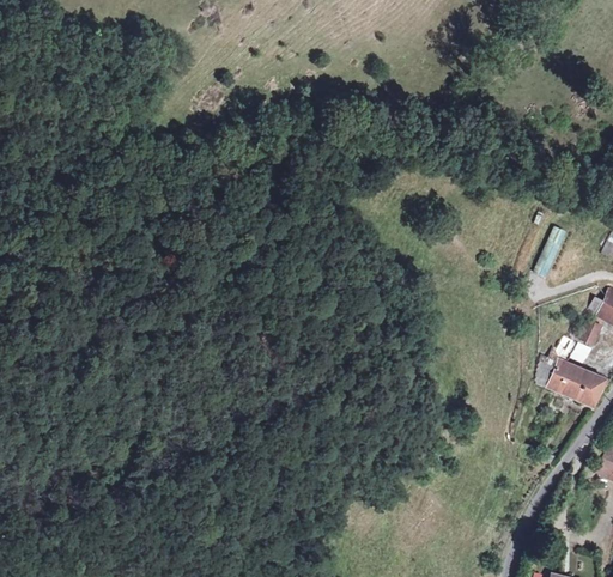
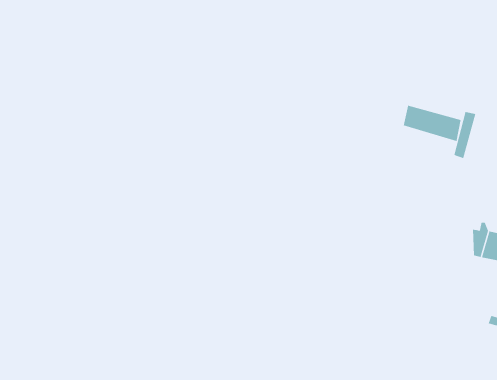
building: none -> [403,105,461,142]

